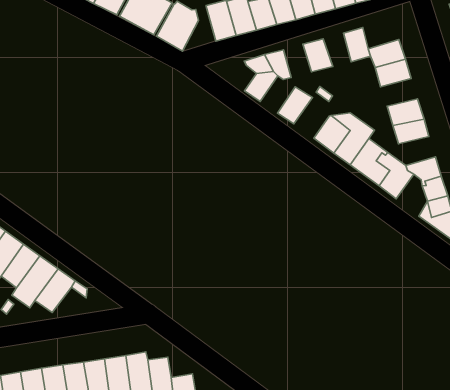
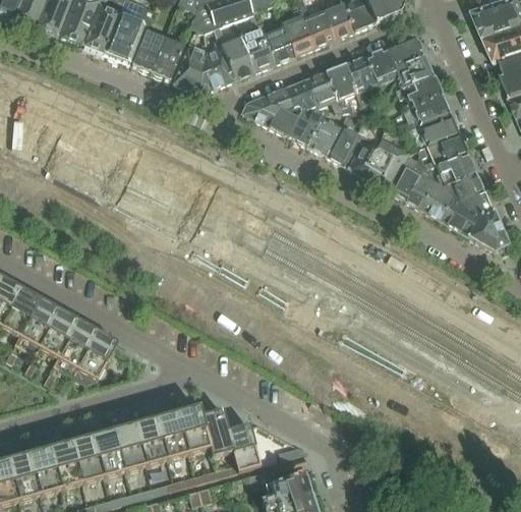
building: none -> [201,43,235,92]
building: none -> [386,34,424,67]
building: none -> [346,54,378,90]
building: none -> [306,70,338,106]
building: none -> [244,95,281,125]
building: none -> [288,106,323,145]
building: none -> [411,93,451,124]
building: none -> [326,124,360,163]
building: none -> [437,151,476,183]
building: none -> [441,191,473,234]

